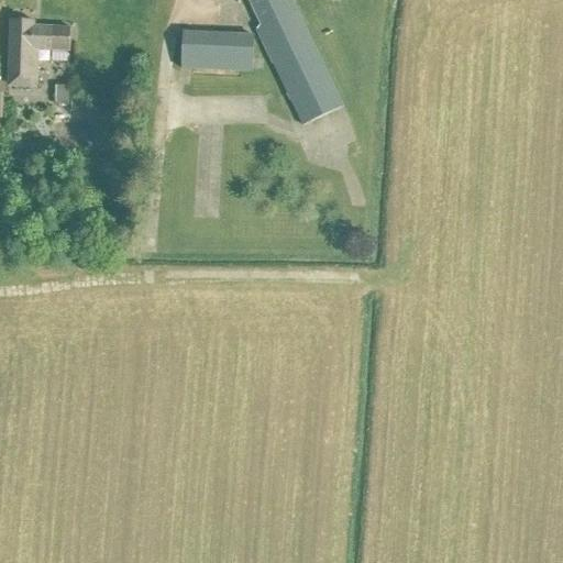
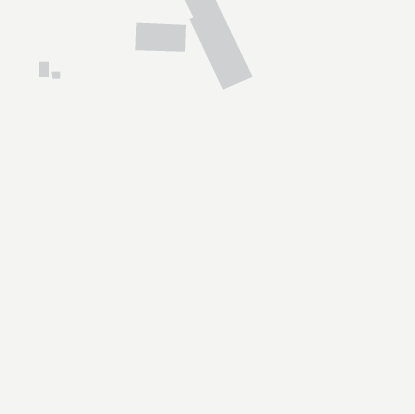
building: [7,18,67,85] -> none

